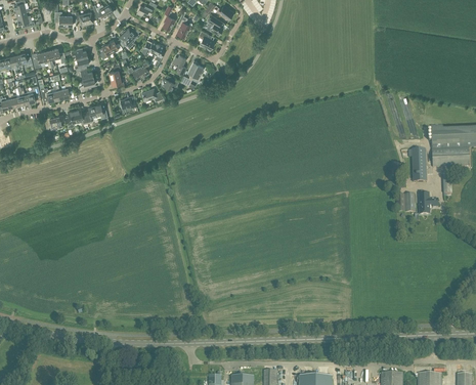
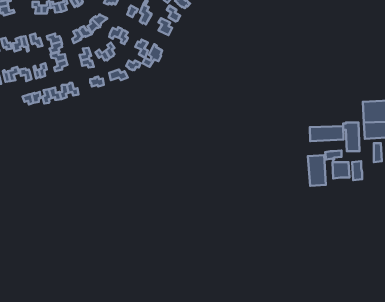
building: none -> [310,126,343,141]
building: none -> [308,155,326,186]

